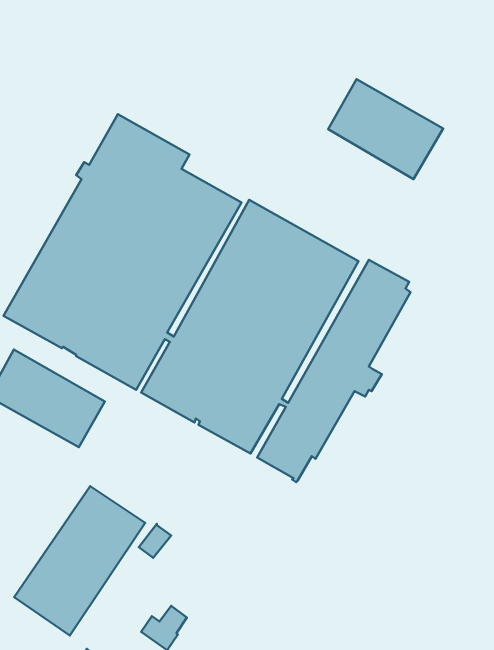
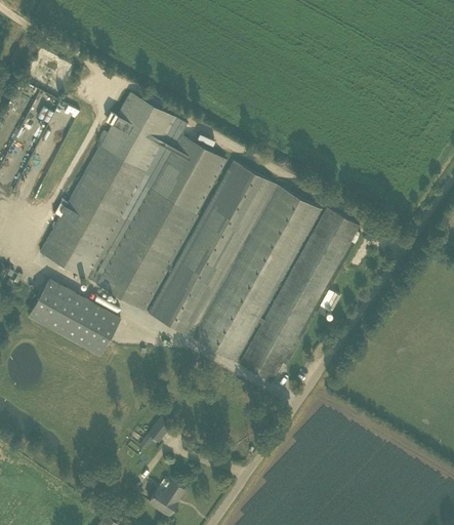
building: [328,79,443,179] -> none
building: [14,486,145,635] -> none

